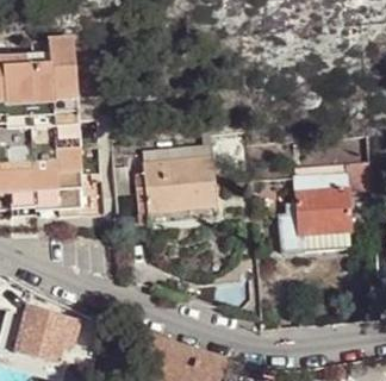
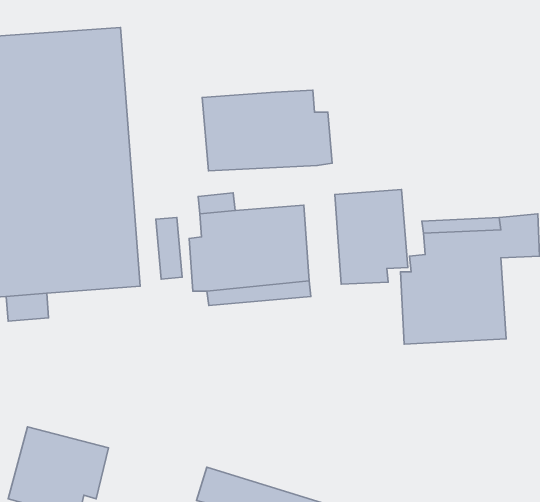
building: none -> [202,90,332,171]
building: none -> [335,189,408,284]

